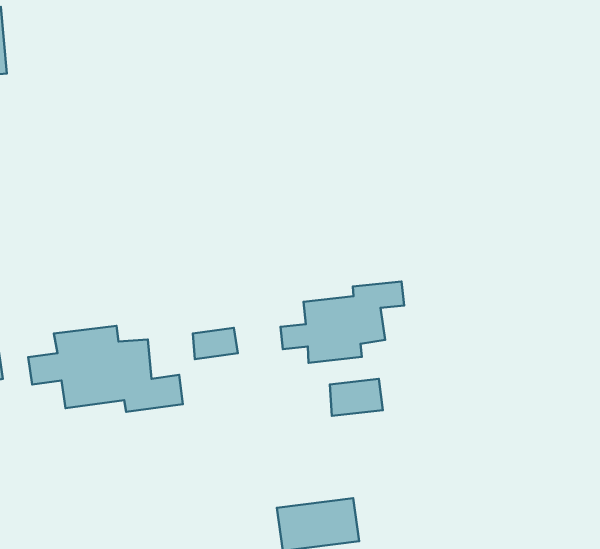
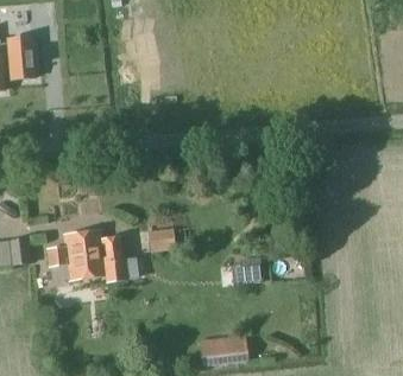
building: [281,282,404,363] -> none

